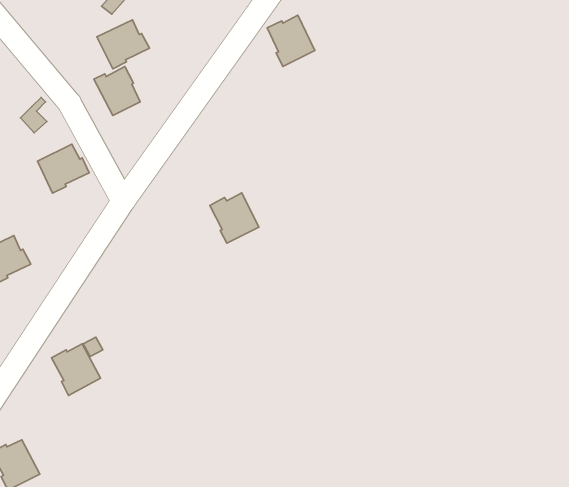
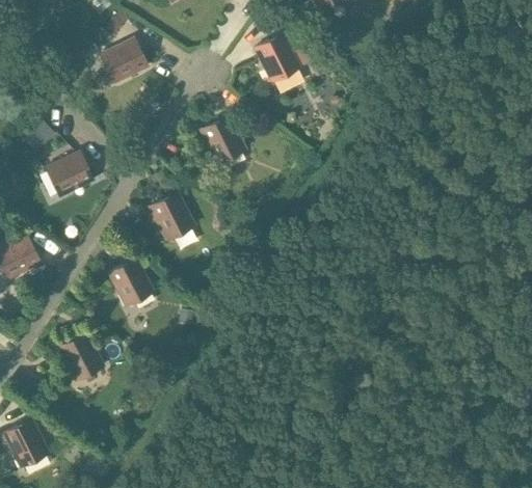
building: [94,66,140,116] -> none
building: none -> [201,118,244,165]
building: [210,193,259,243] -> [149,195,193,241]
building: none -> [108,261,153,307]

